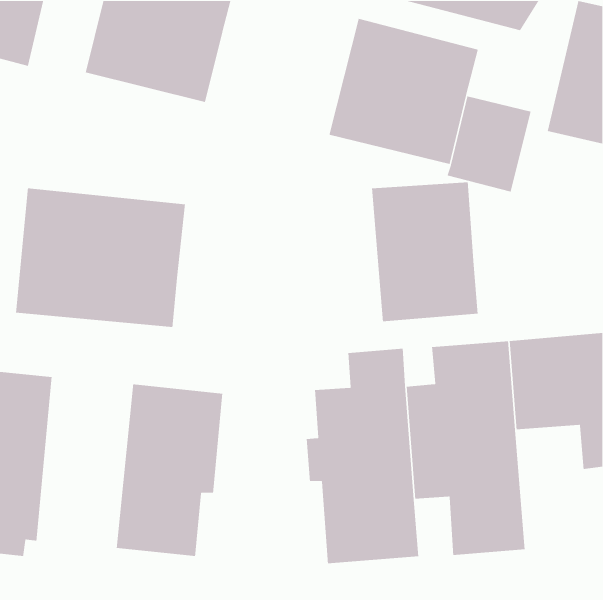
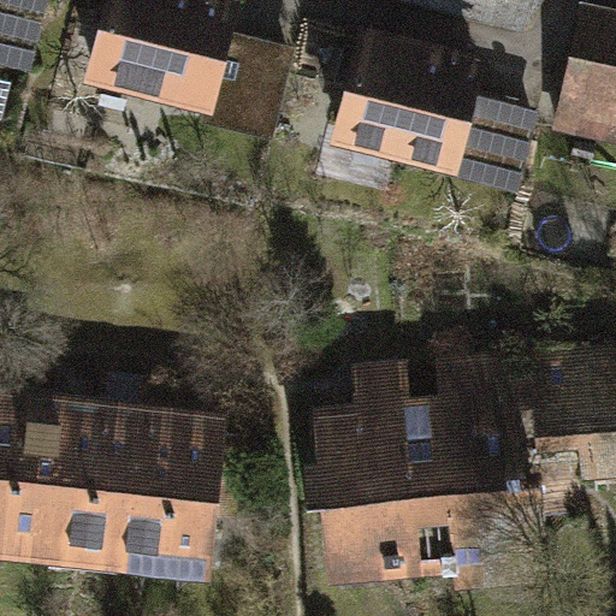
building: none -> [205,43,290,142]
building: [371,181,479,322] -> none
building: [15,188,186,328] -> none
building: none -> [37,390,134,563]

